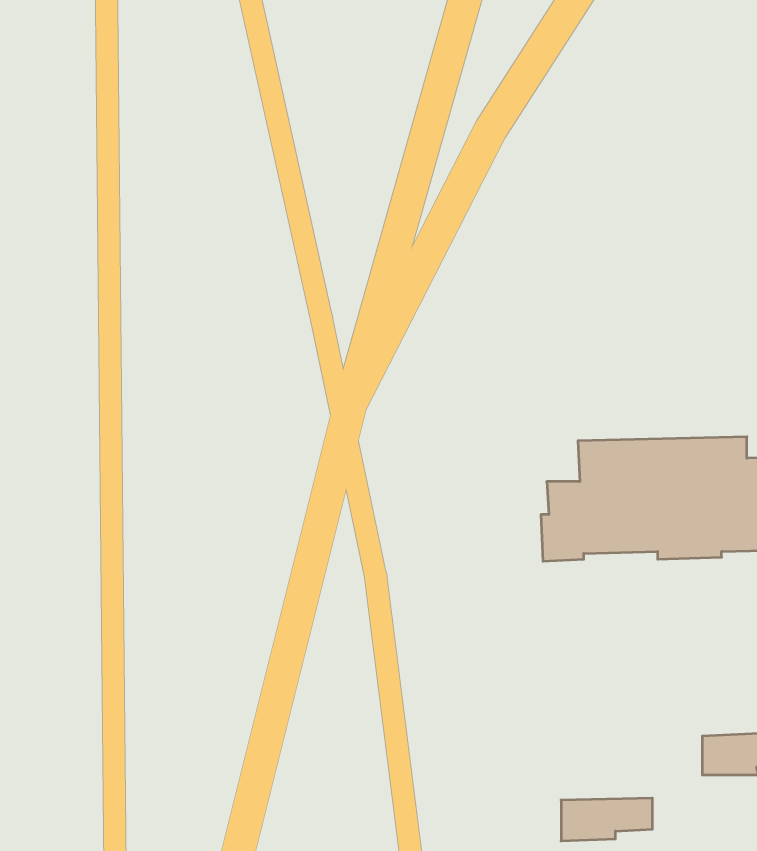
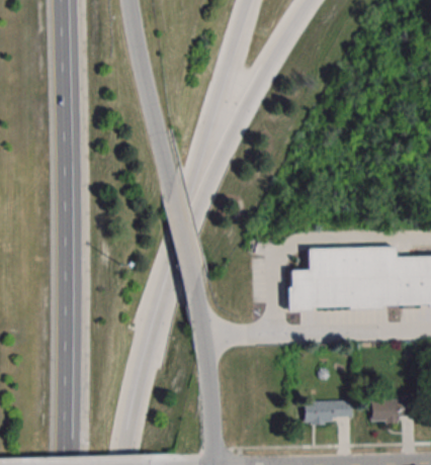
building: [561,798,652,841] -> [305,401,352,424]

